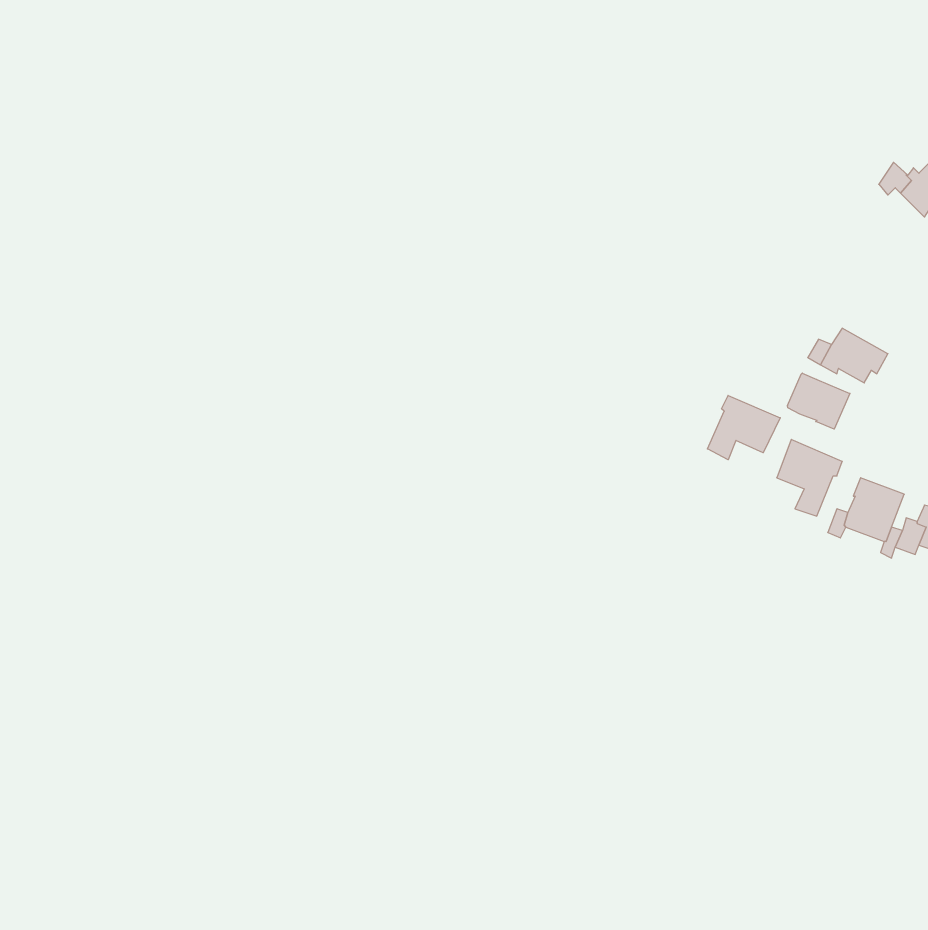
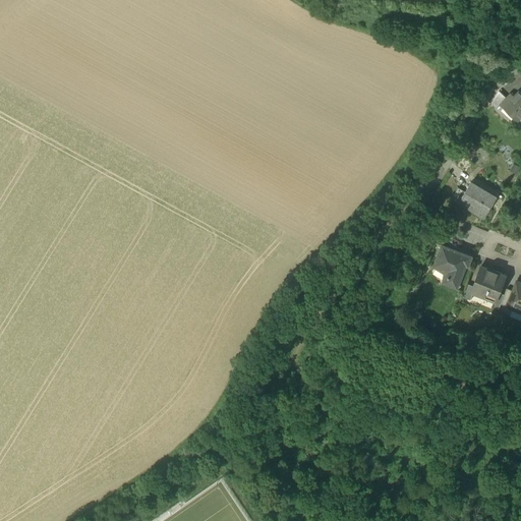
building: [788,373,850,429] -> none
building: [707,395,780,460] -> none

